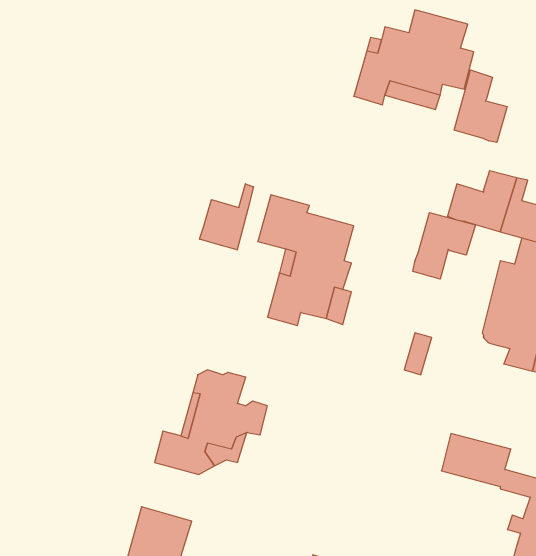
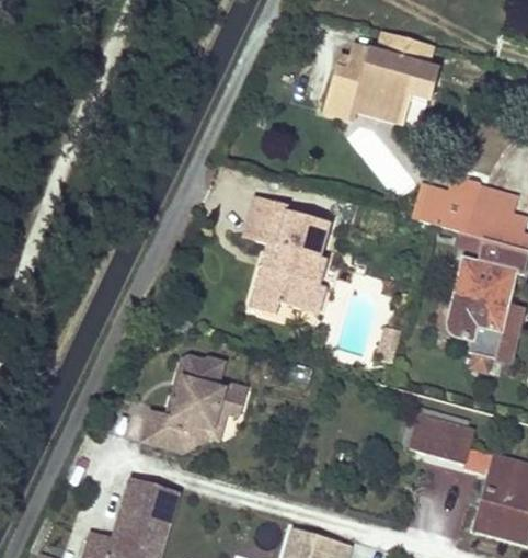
building: [454,70,507,142] -> none
building: [200,184,254,250] -> none
building: [413,213,476,279] -> none

